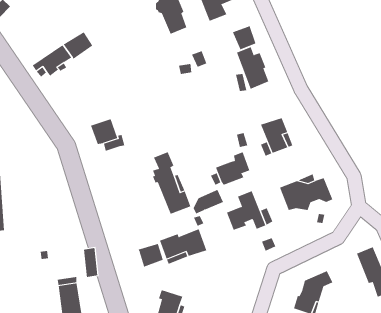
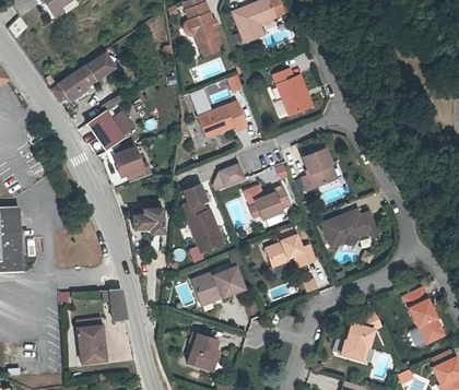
building: [232,25,256,50] -> none
building: none -> [198,101,247,133]
building: none -> [90,108,125,146]
building: none -> [131,209,161,235]
building: [193,189,224,214] -> [213,162,247,189]
building: [138,243,164,267] -> none

